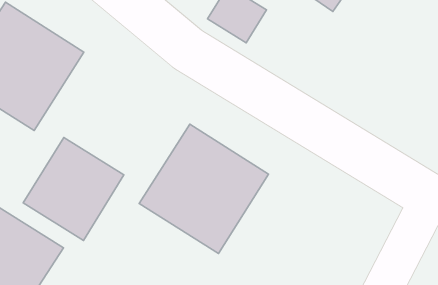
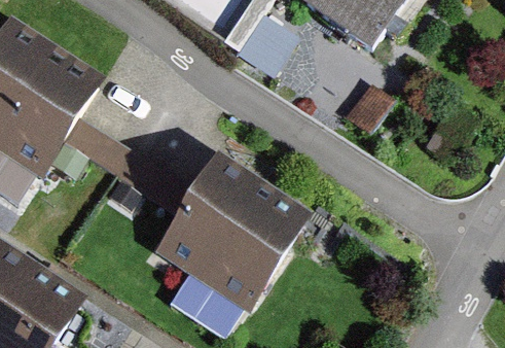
building: [23,137,124,241] -> none

